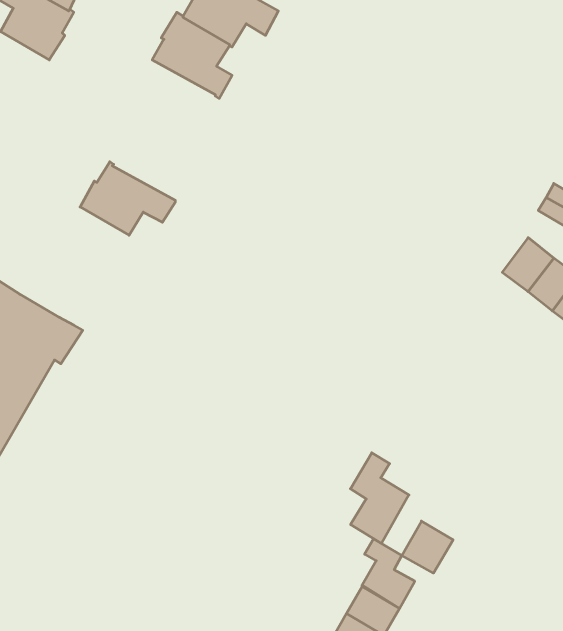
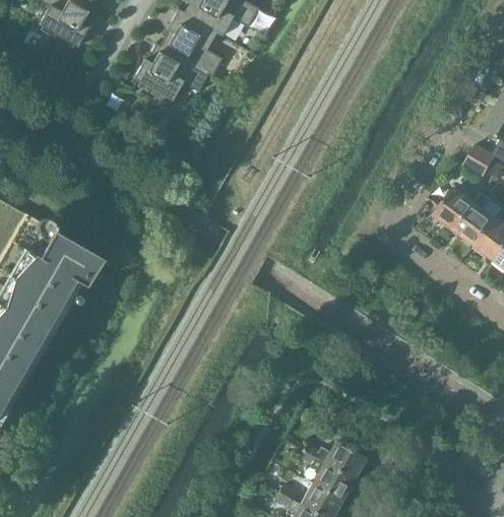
building: [80,162,175,235] -> [133,45,208,103]
building: [350,453,409,543] -> none
building: [402,521,453,573] -> none

